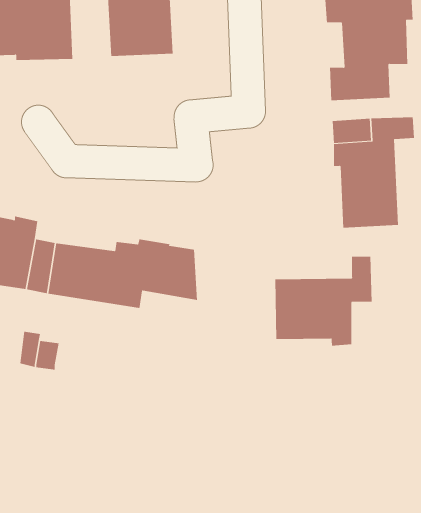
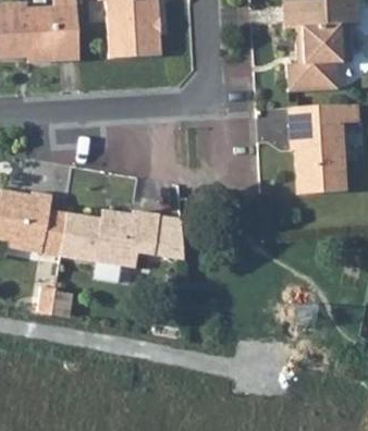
building: [275,256,372,346] -> none

